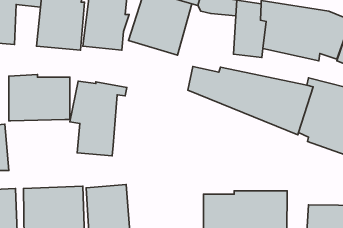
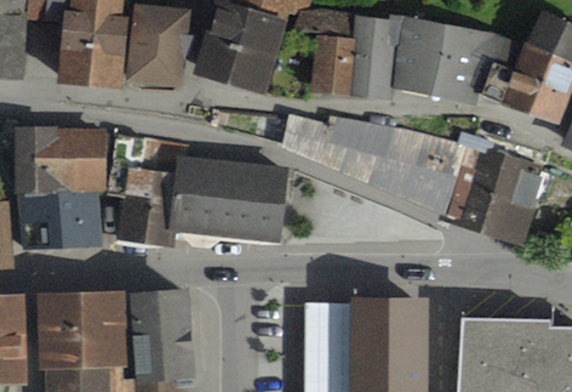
building: none -> [310,34,353,95]
building: none -> [170,155,287,243]
building: none -> [17,192,102,251]

